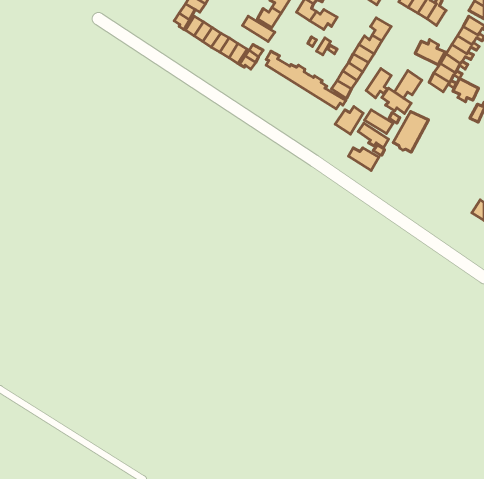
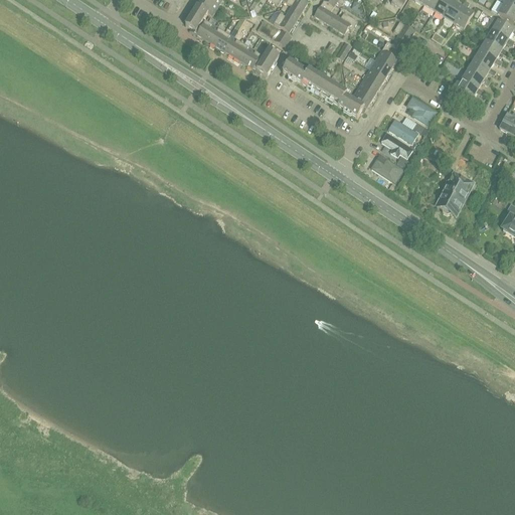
building: [415,40,445,65] -> none
building: [366,69,391,98] -> none
building: [394,71,422,98] -> none
building: [453,79,479,102] -> none
building: [335,106,363,134] -> none
building: [393,111,428,152] -> [437,171,474,214]

